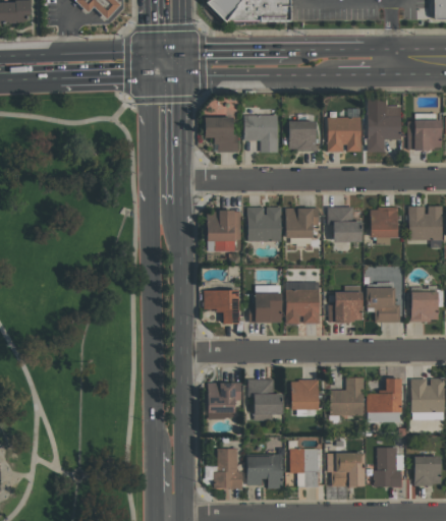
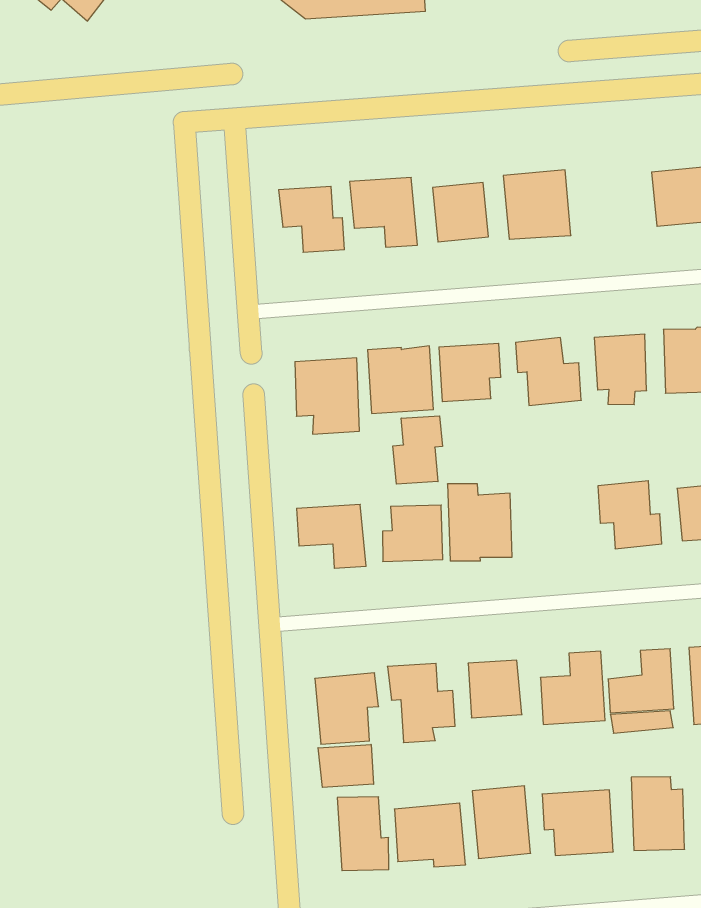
building: [367,98,401,152] -> none
building: none -> [393,416,442,484]
building: [328,292,361,322] -> none
building: none -> [318,744,374,787]

